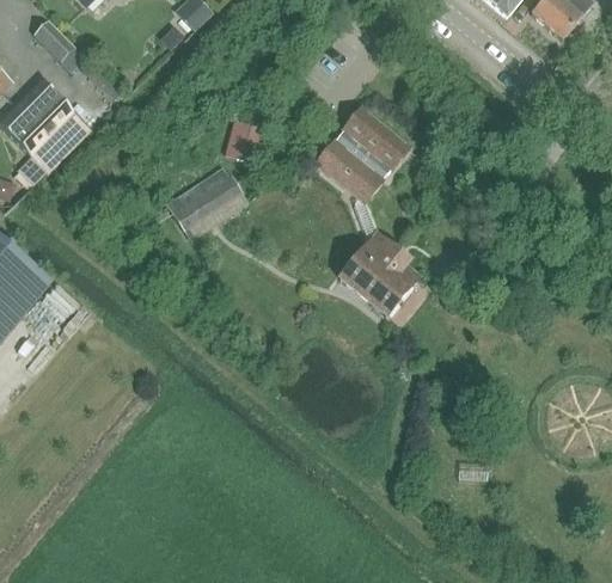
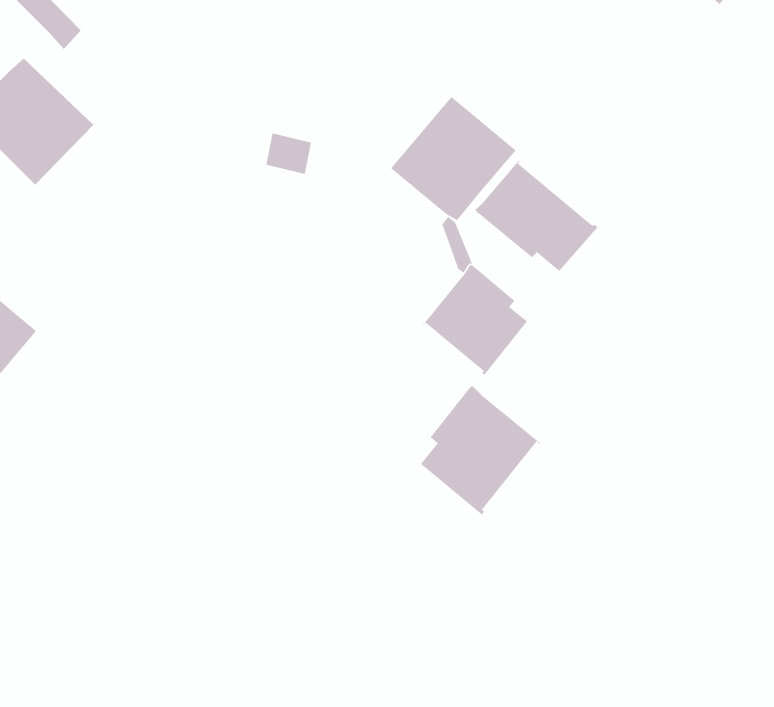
building: none -> [474,160,599,272]
building: [165,164,244,232] -> none
building: none -> [420,385,541,516]

